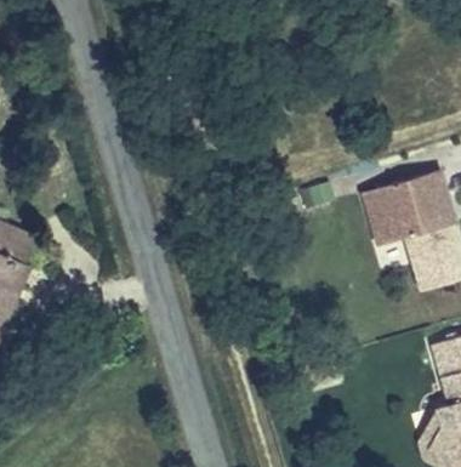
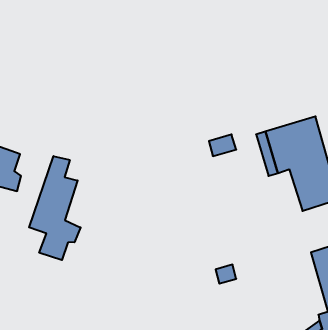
building: none -> [29,156,81,260]

